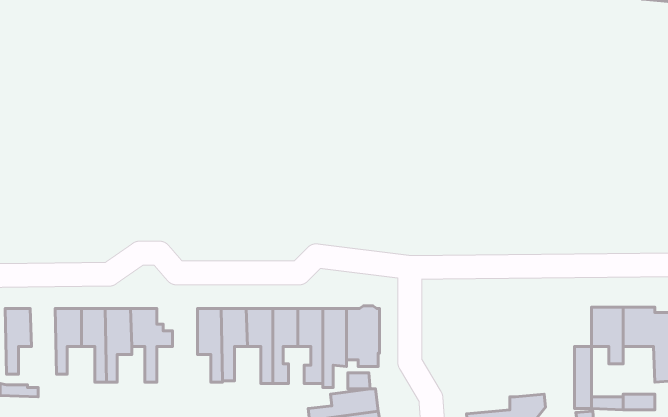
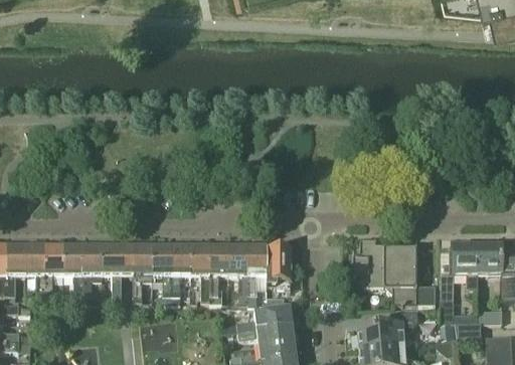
building: none -> [352,236,436,303]
building: none -> [25,243,45,299]
building: none -> [122,243,153,300]

